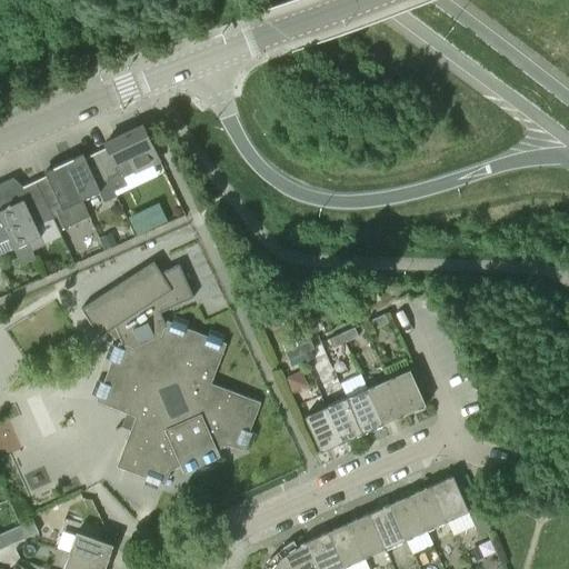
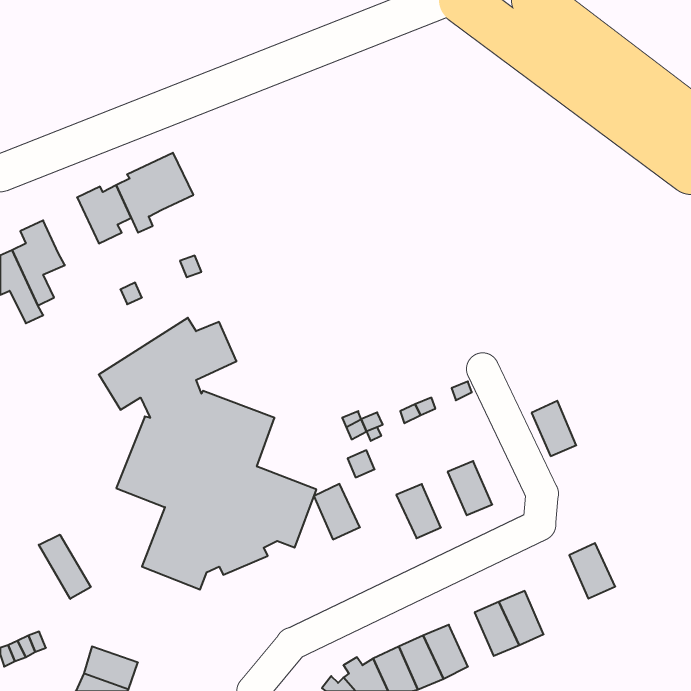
building: [36,162,89,230] -> none
building: [389,369,426,415] -> [532,401,576,456]
building: [347,388,383,433] -> none
building: [305,407,342,452] -> [314,484,360,539]
building: none -> [39,535,91,599]
building: [431,476,469,521] -> [569,543,615,599]
building: [369,503,406,548] -> none

